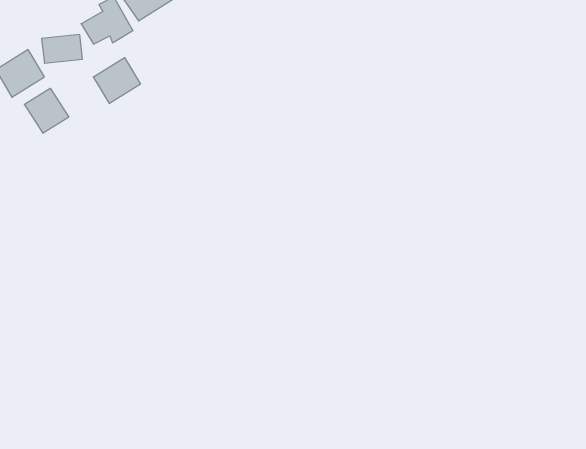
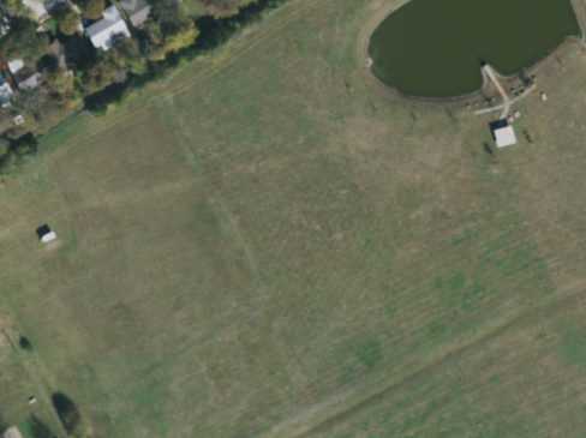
building: [93,58,140,103] -> none
building: [24,88,69,133] -> none

